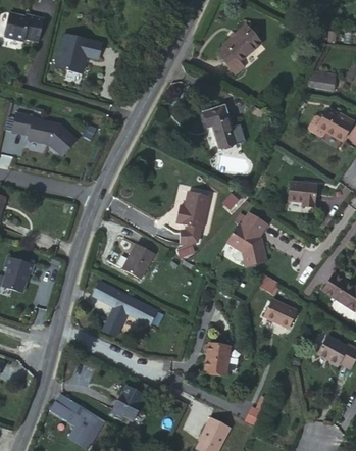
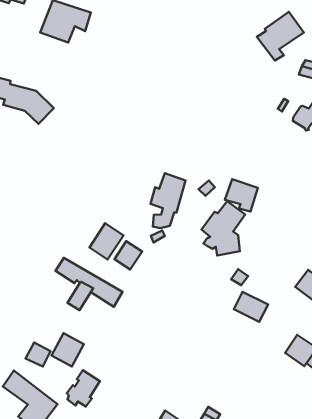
building: [216,24,261,72] -> [257,12,304,61]
building: [204,106,243,147] -> none
building: [287,176,317,205] -> [225,179,258,212]
building: none -> [114,241,142,270]
building: [203,343,230,374] -> none
building: none -> [51,333,84,367]

